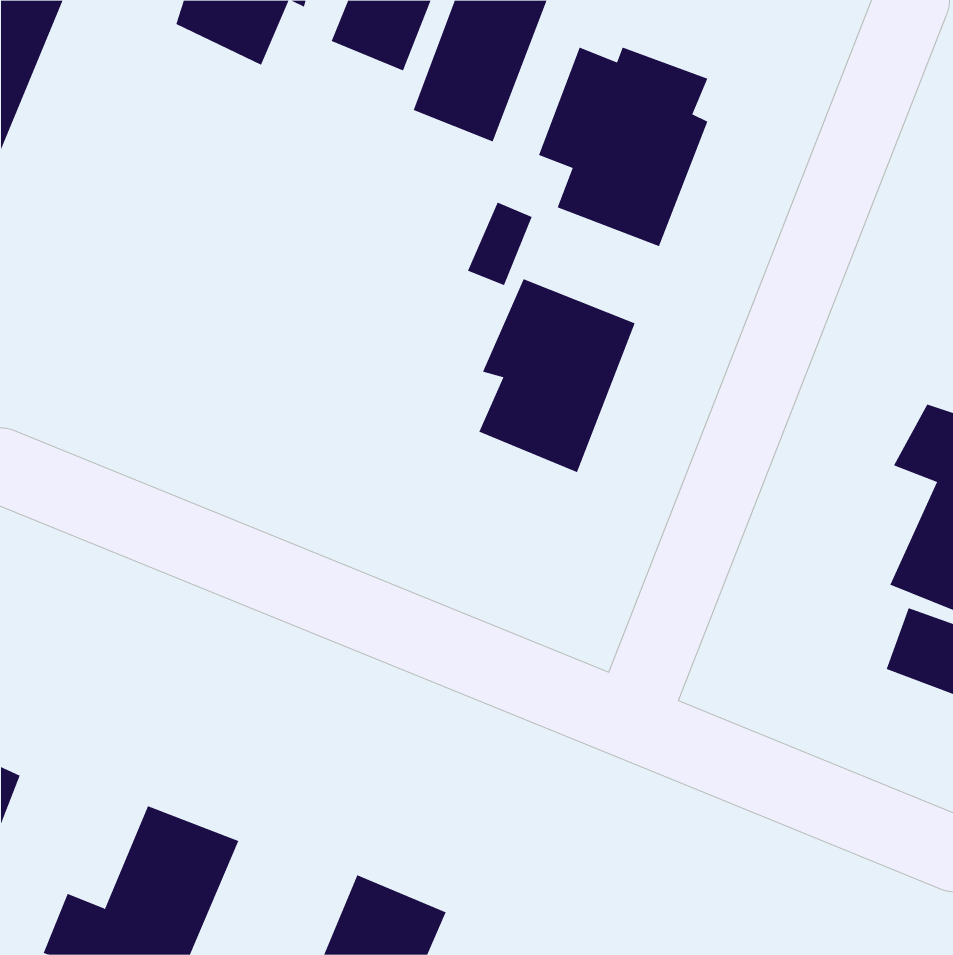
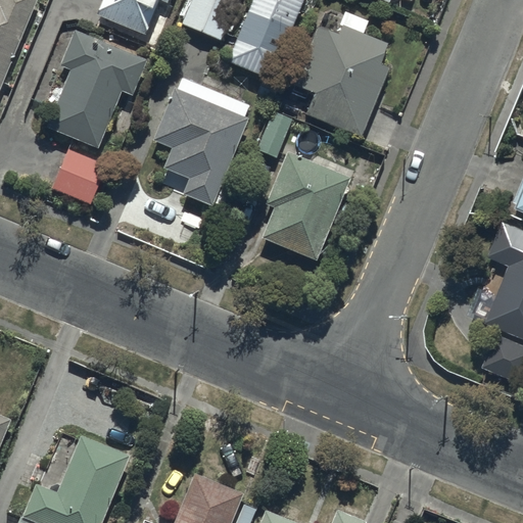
building: none -> [46,31,145,148]
building: none -> [154,89,247,204]
building: none -> [50,148,105,201]

